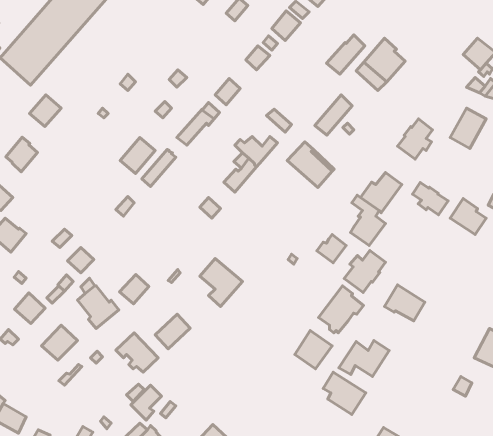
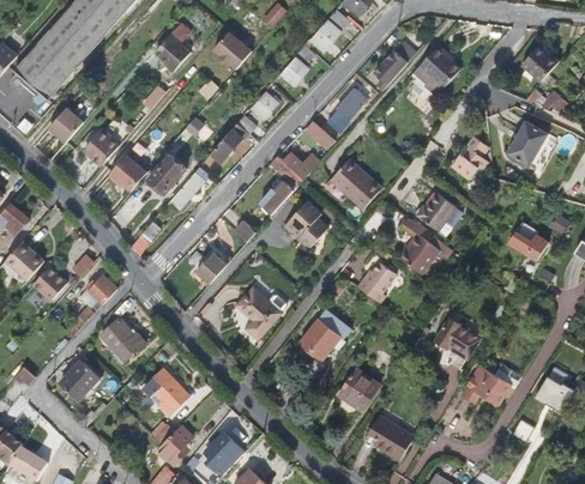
building: none -> [152,22,188,68]
building: none -> [211,31,249,71]
building: [315,95,352,135] -> [326,87,367,132]
building: none -> [105,153,145,190]
building: [6,137,37,172] -> [82,129,116,168]
building: none -> [283,200,327,248]
building: [413,182,448,215] -> none
building: [344,251,386,293] -> none
building: [119,274,149,304] -> [193,253,225,285]
building: [319,286,363,333] -> [300,307,349,358]
building: [14,293,45,323] -> [31,270,65,303]
building: [155,314,190,349] -> none
building: [339,341,389,377] -> [460,364,515,404]
building: none -> [210,431,243,468]

